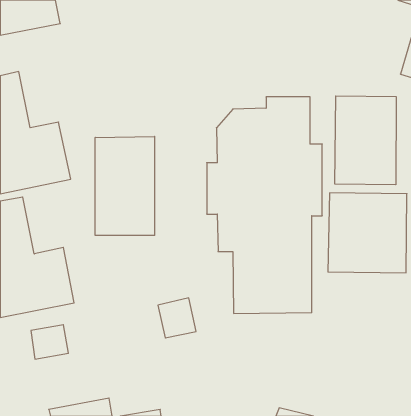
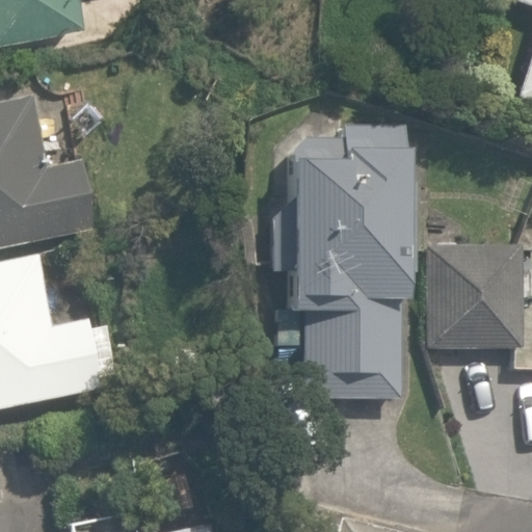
building: [335,96,396,185] -> none
building: [95,136,155,235] -> none

